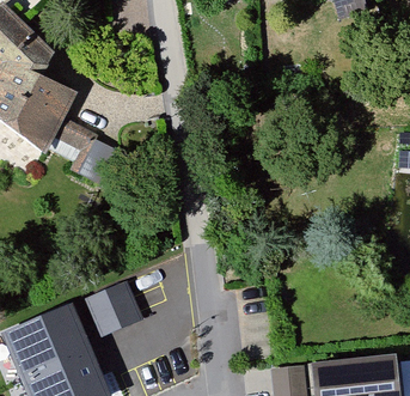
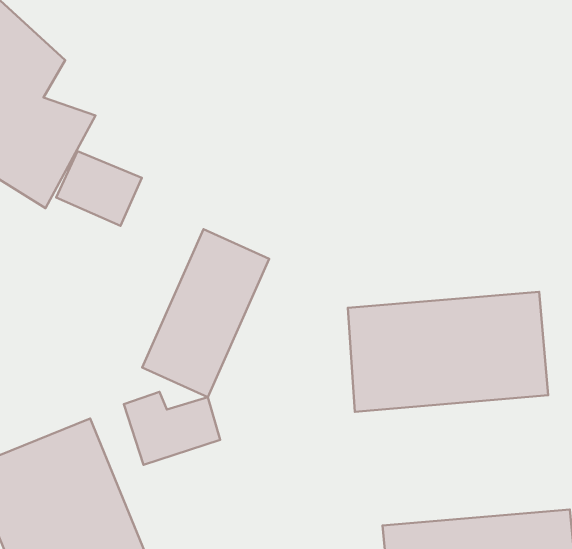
building: none -> [142,229,269,397]
building: none -> [348,292,548,412]

